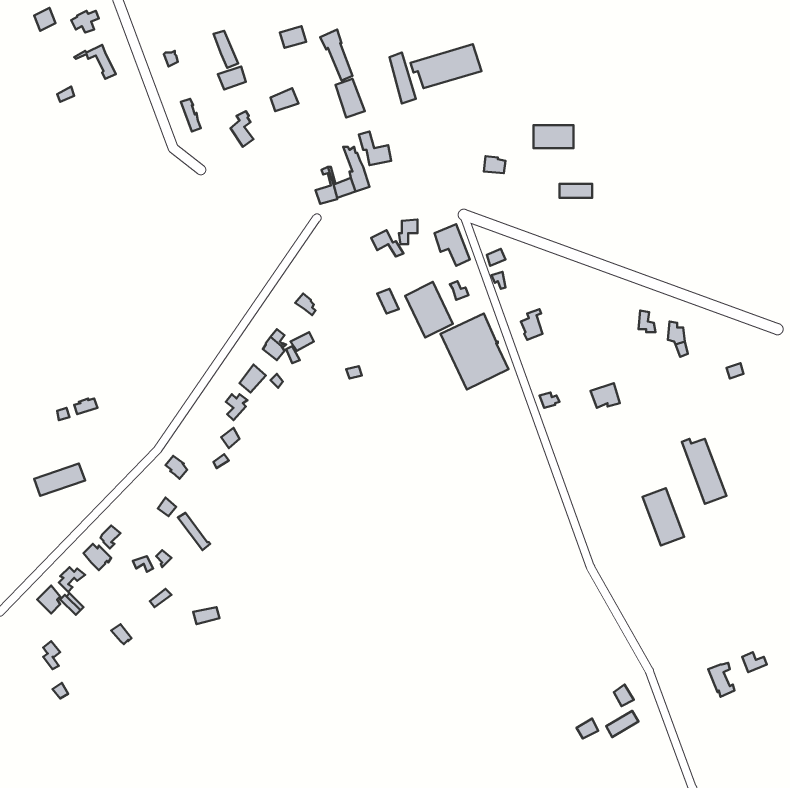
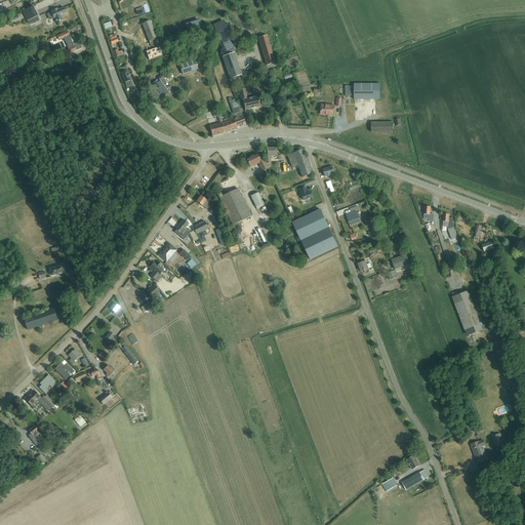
building: [411,44,481,88] -> none
building: [405,282,453,338] -> [219,188,251,225]
building: [643,488,684,546] -> none

